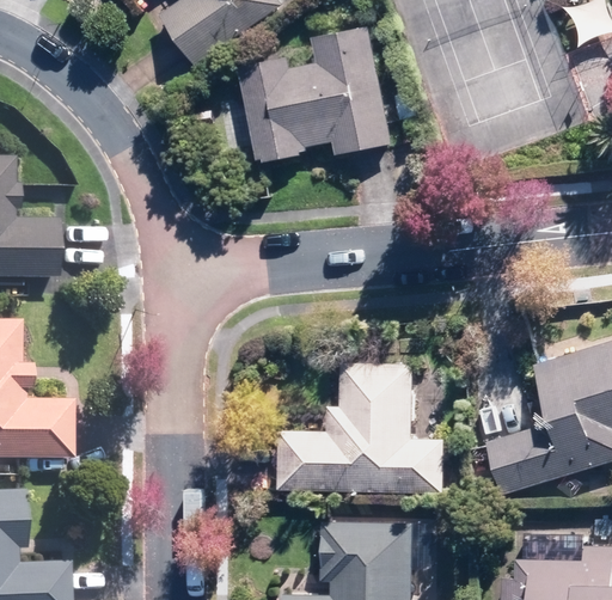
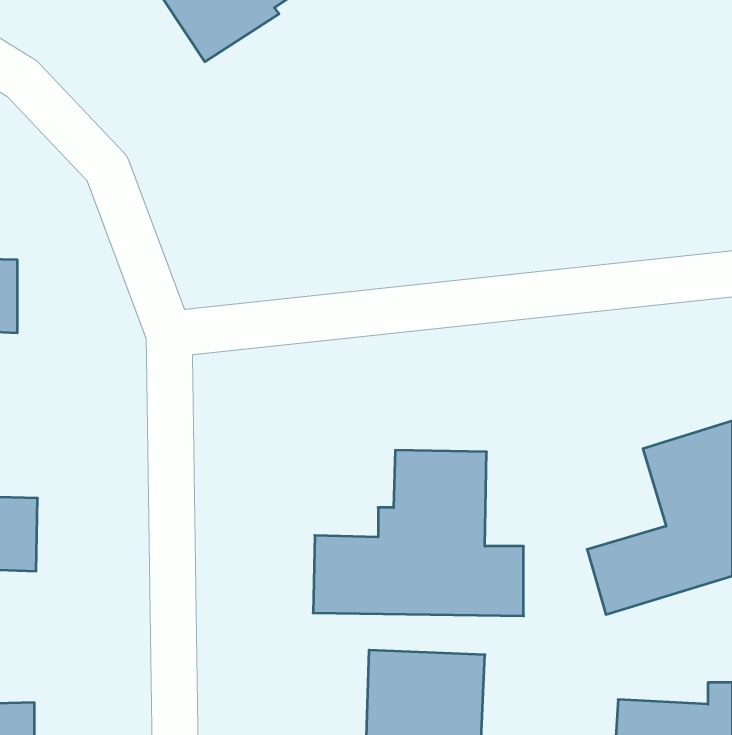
building: [247,24,393,163] -> none

